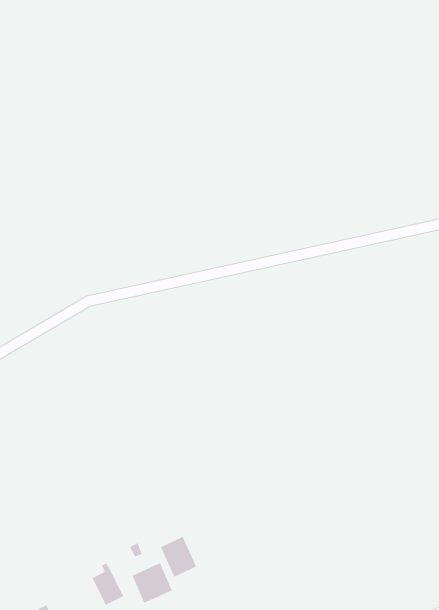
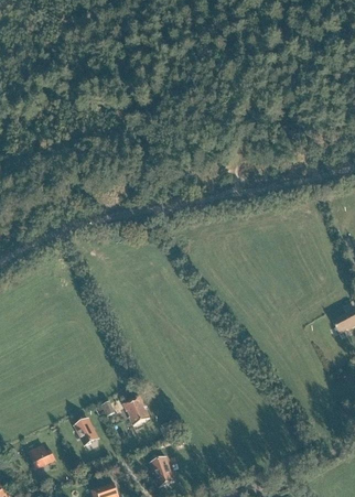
building: [132,562,173,604] -> none

